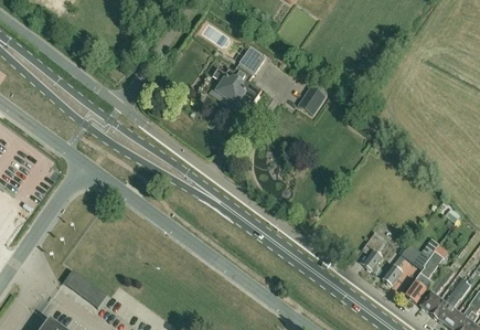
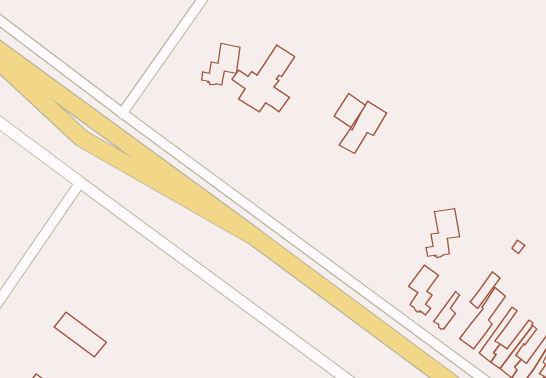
building: none -> [202,43,240,85]
building: none -> [339,101,387,153]
building: none -> [426,208,460,258]

